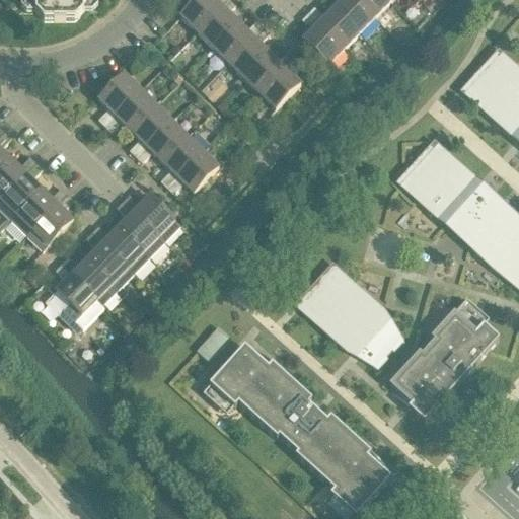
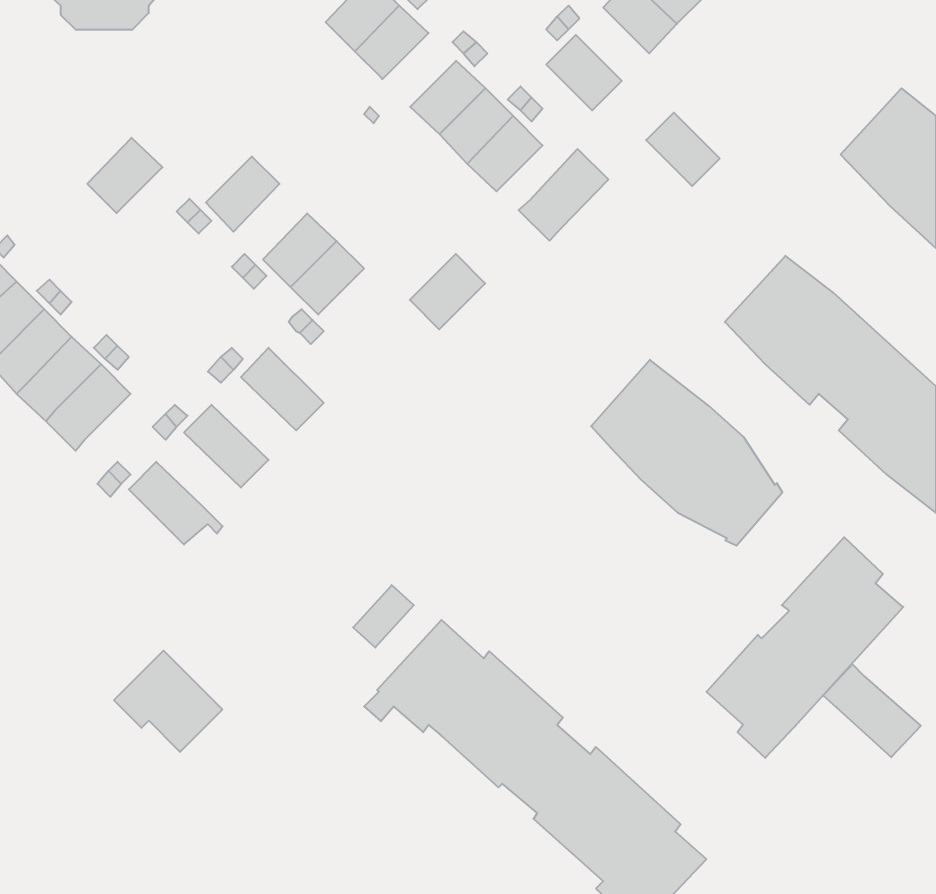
building: [318,5,359,46] -> [646,113,720,186]
building: [212,19,252,60] -> none
building: [98,71,140,113] -> [87,138,163,213]
building: none -> [519,149,608,241]
building: [130,102,170,144] -> none
building: [176,149,218,191] -> [410,254,485,329]
building: [118,209,164,254] -> none
building: [87,239,134,291] -> none
building: [299,265,404,367] -> [591,360,782,546]
building: [45,271,104,326] -> [114,651,222,752]
building: none -> [823,664,921,757]

